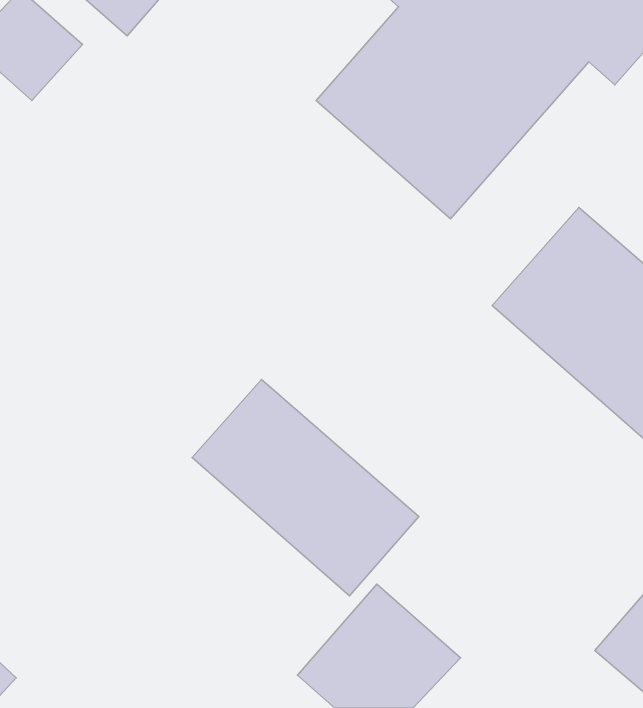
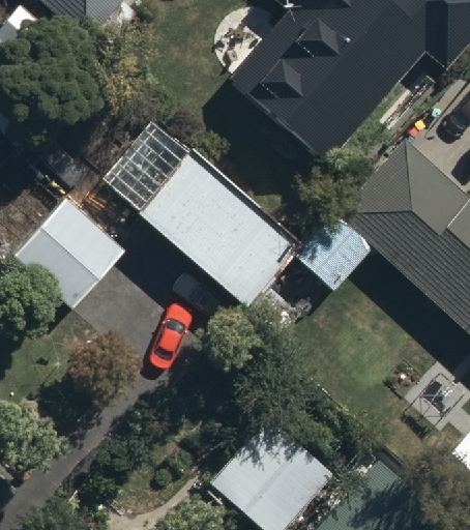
building: none -> [10,203,122,316]
building: [192,379,419,596] -> [135,153,297,308]

